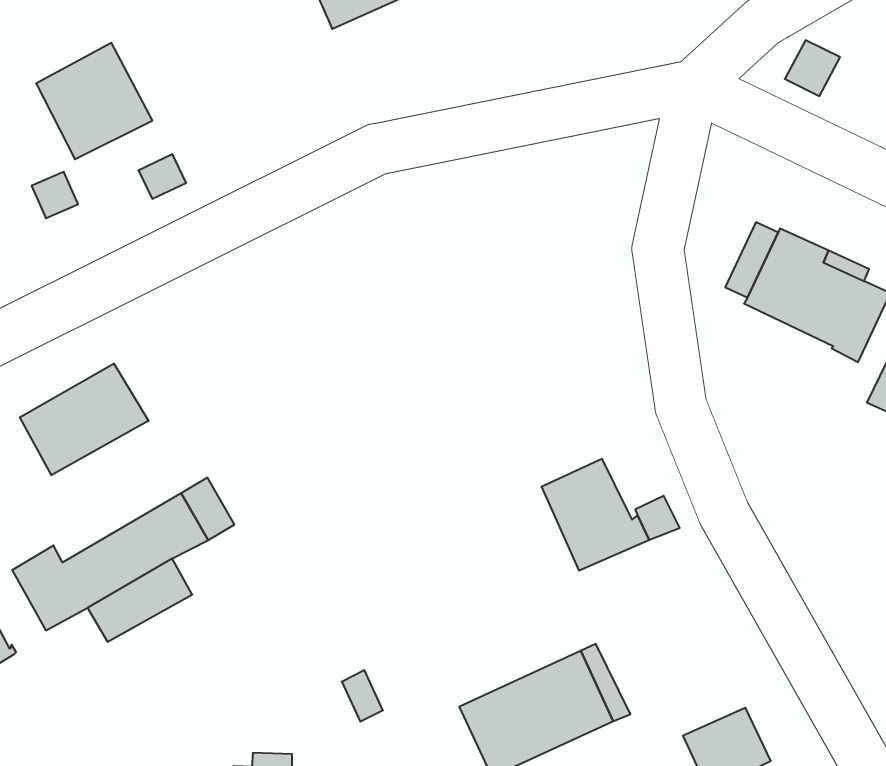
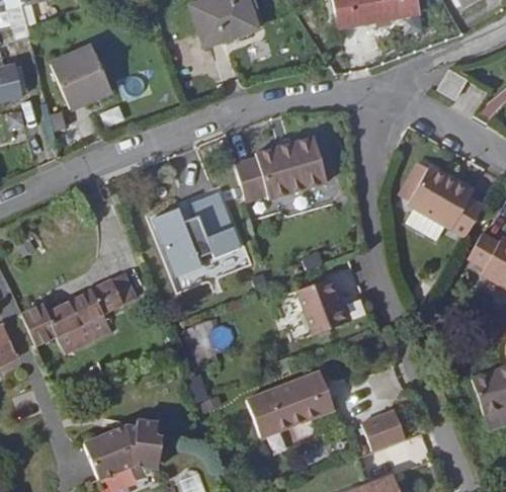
building: none -> [235,138,327,203]
building: none -> [153,189,245,276]
building: [20,364,149,475] -> none

